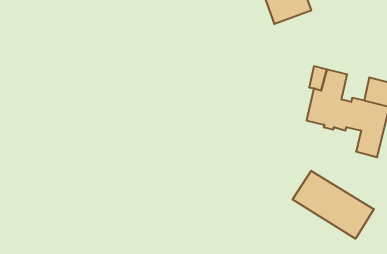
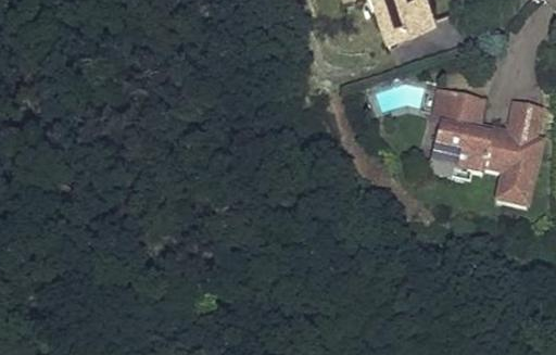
building: [293,171,374,239] -> none

